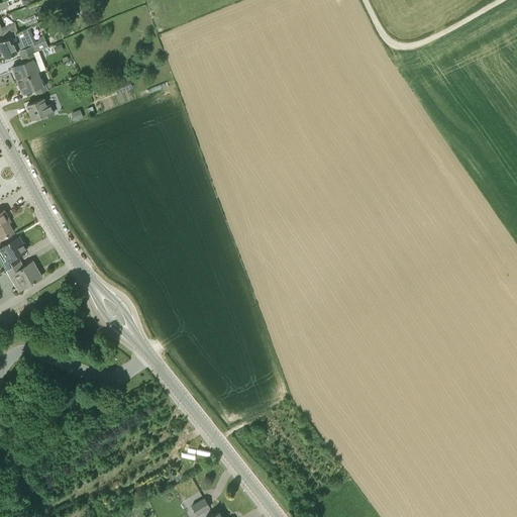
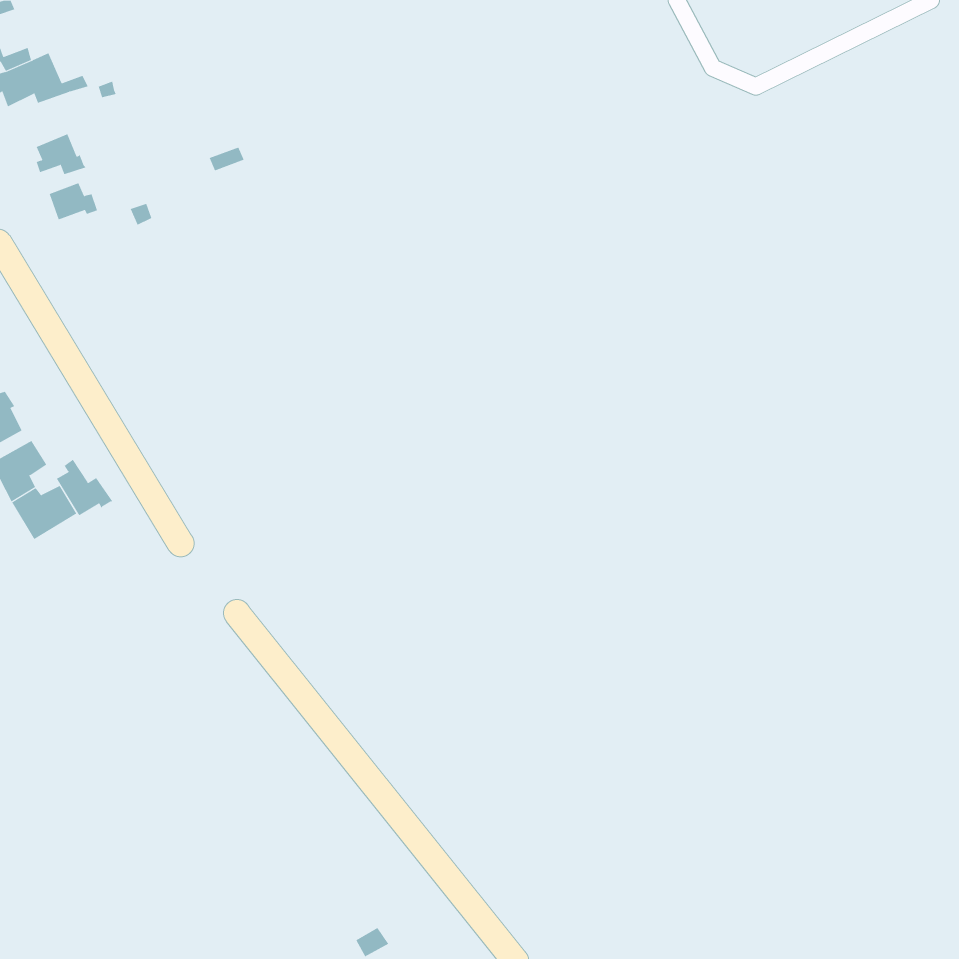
building: [11,50,44,80] -> none
building: none -> [56,459,113,516]

